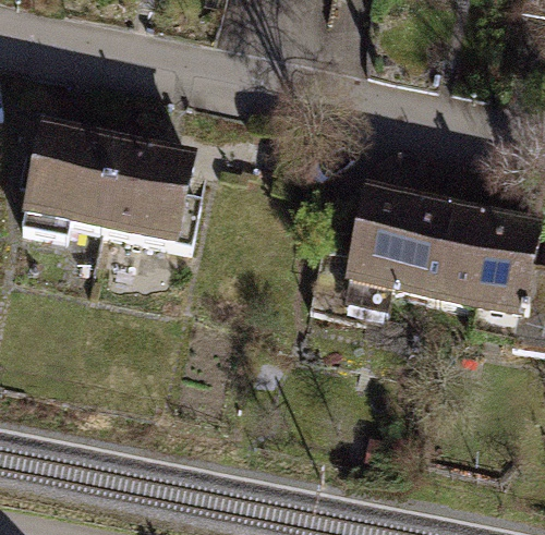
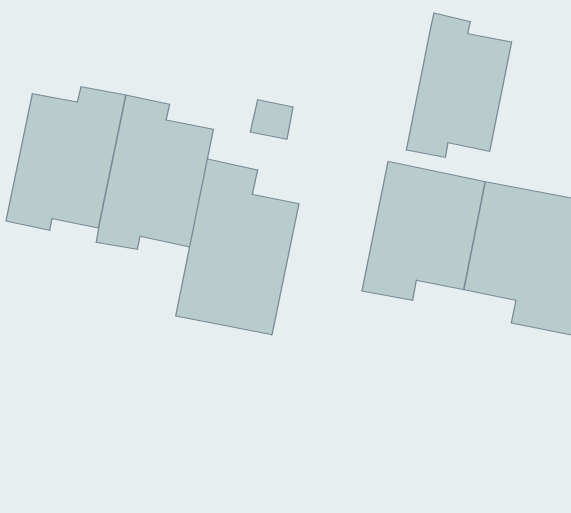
building: none -> [406,13,512,157]
building: none -> [176,159,299,335]

